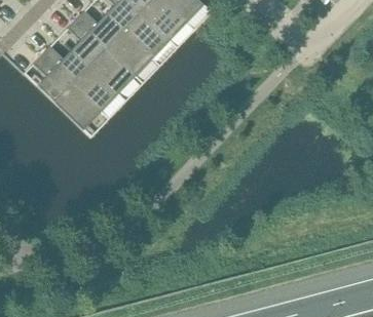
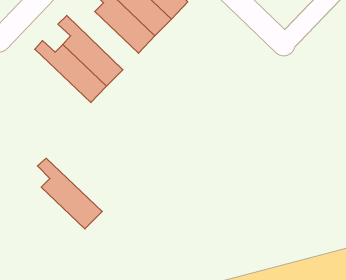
building: [76,8,152,75] -> none
building: [33,53,102,128] -> [37,158,102,229]

